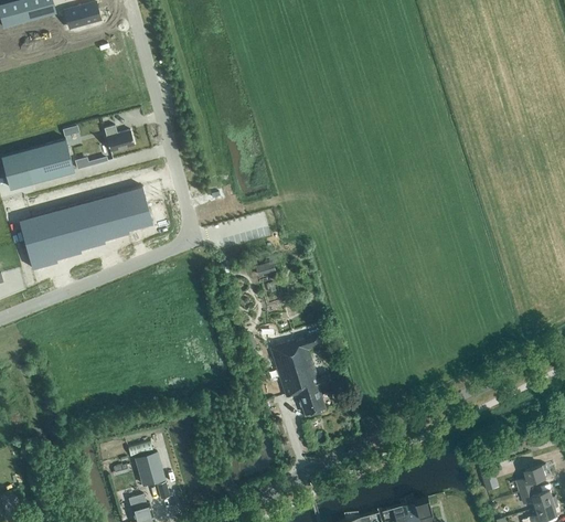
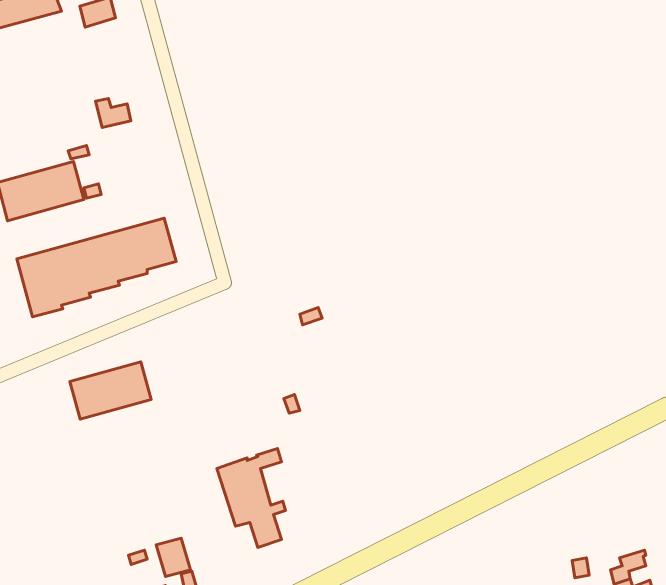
building: [104,127,134,151] -> [95,98,131,127]
building: none -> [70,362,151,419]
building: [270,332,328,415] -> [217,449,285,547]

